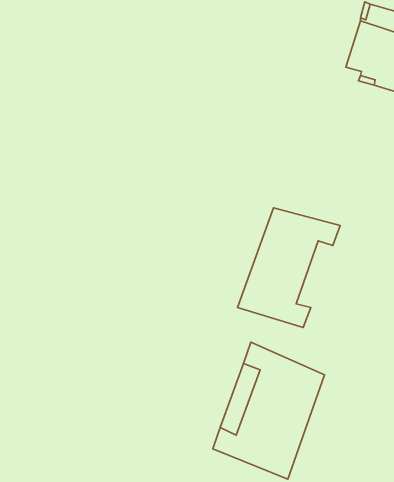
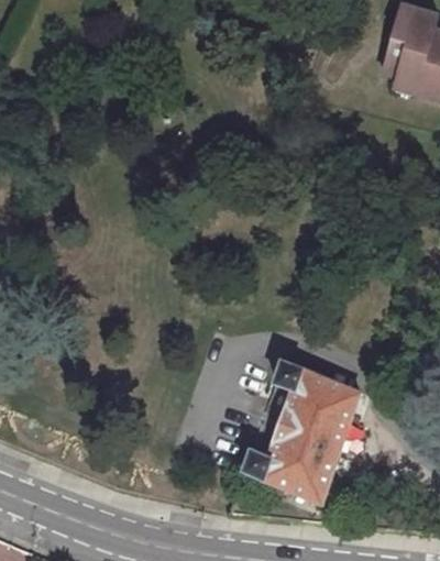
building: [237,208,340,328] -> none

